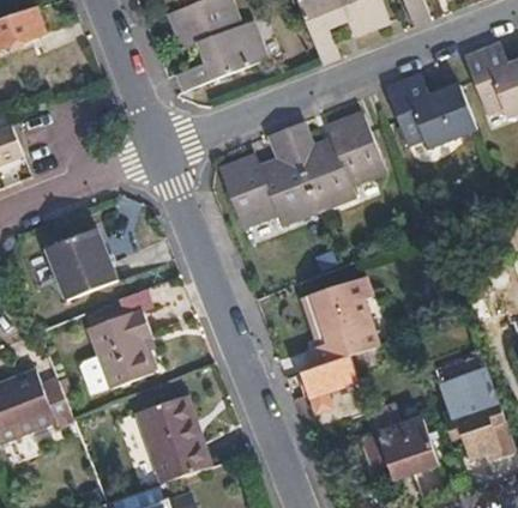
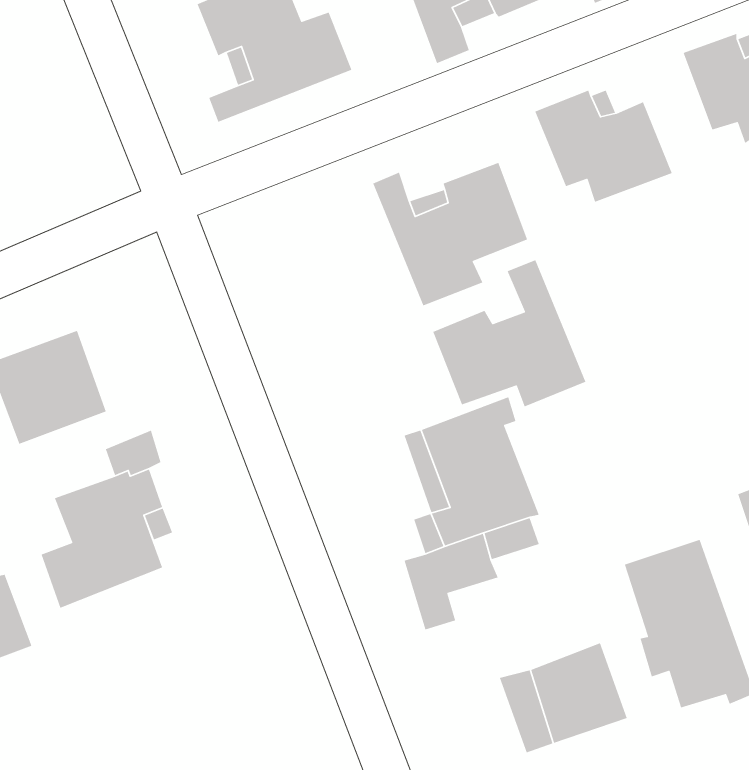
building: [218,134,313,225] -> [432,259,586,408]
building: [141,394,216,479] -> none

